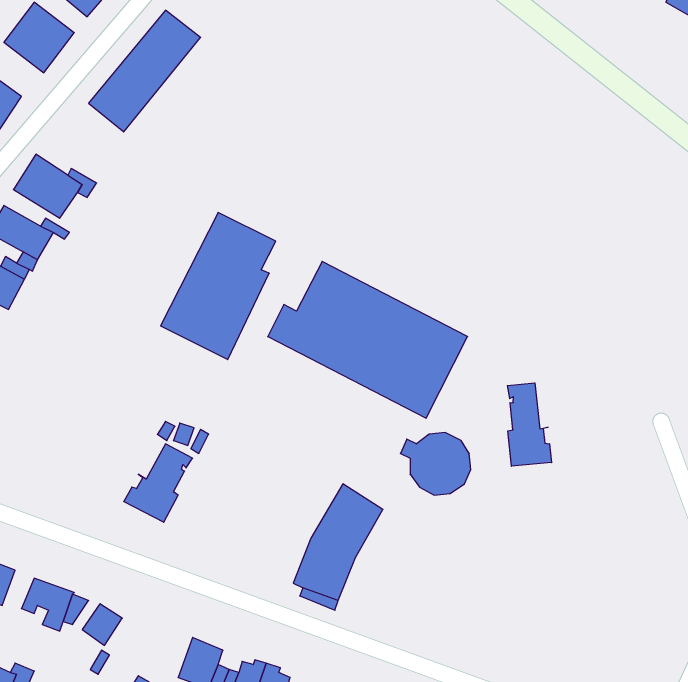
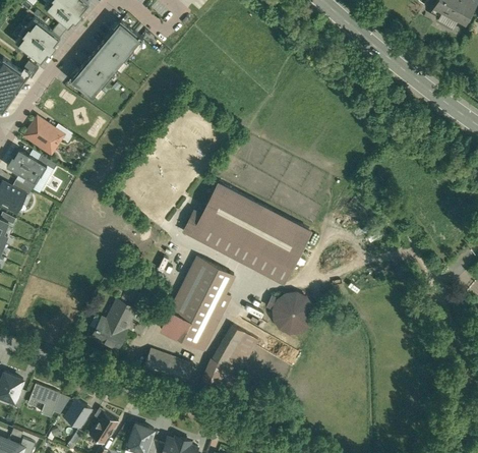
building: [161,212,276,360] -> [161,257,234,350]
building: [507,383,552,466] -> none
building: none -> [142,351,193,389]
building: none -> [89,412,118,445]

